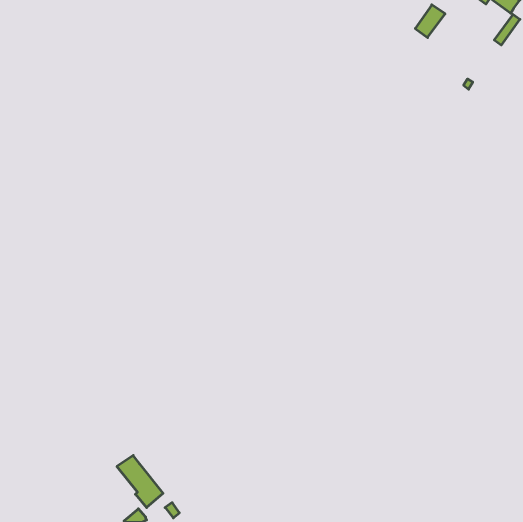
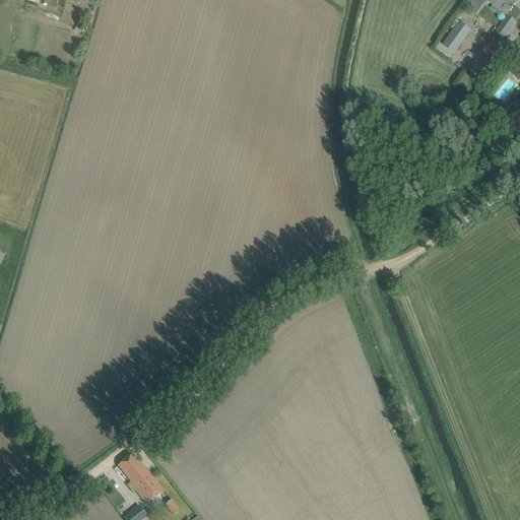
building: [415,5,445,38] -> [442,19,471,52]

